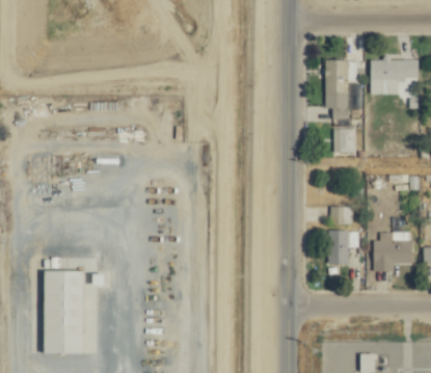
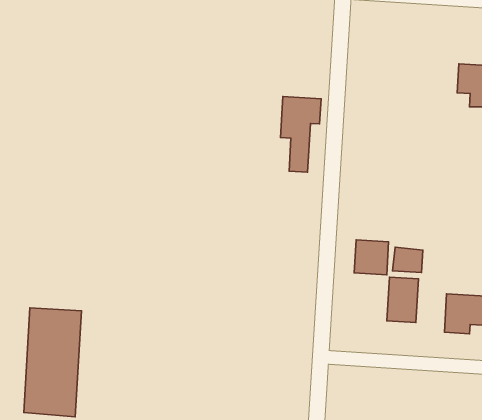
building: [325,60,355,118] -> [280,97,321,172]
building: [333,129,355,153] -> none
building: none -> [354,240,389,275]

